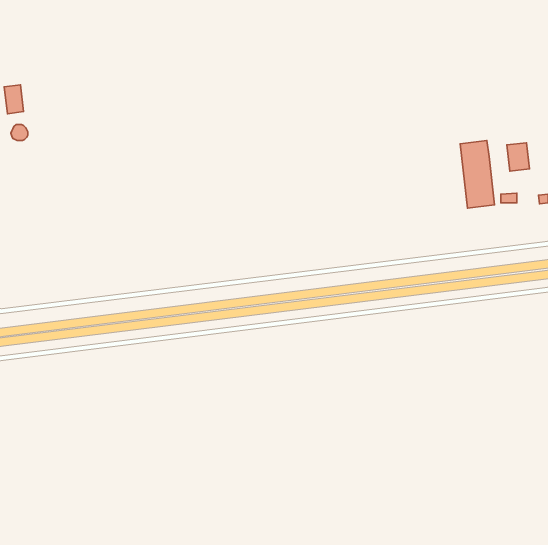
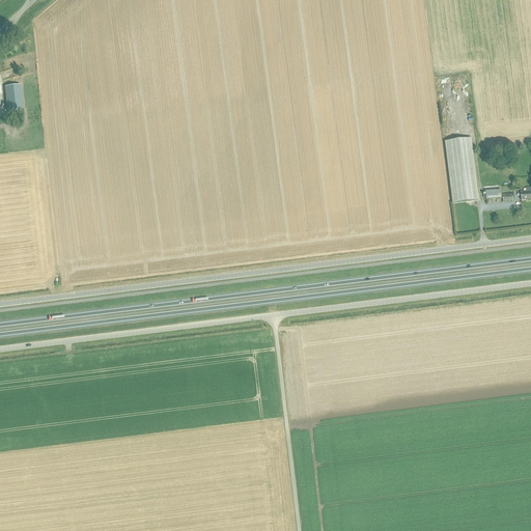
building: [507,143,530,171] -> none

